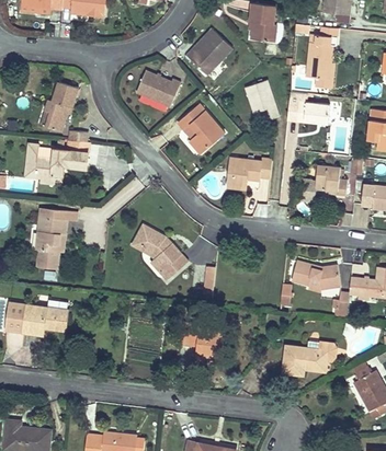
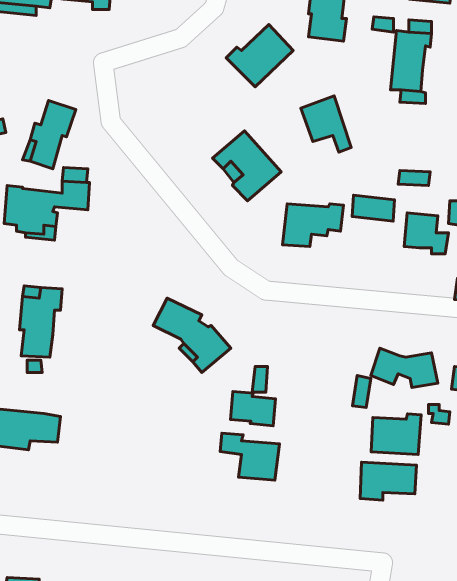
building: [136,72,180,107] -> none
building: [296,103,327,122] -> [352,195,395,221]
building: none -> [230,391,275,426]
building: none -> [371,414,421,454]

